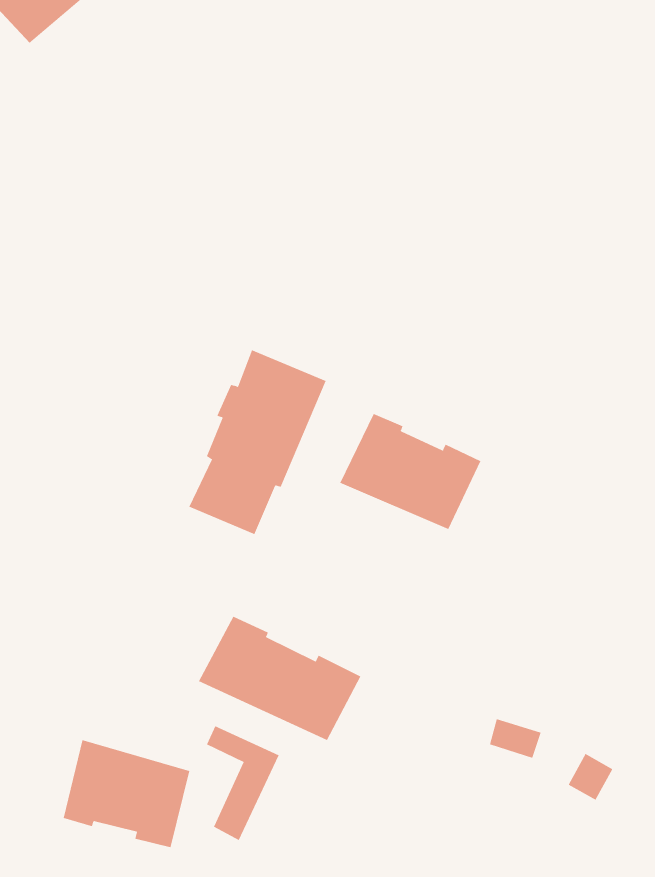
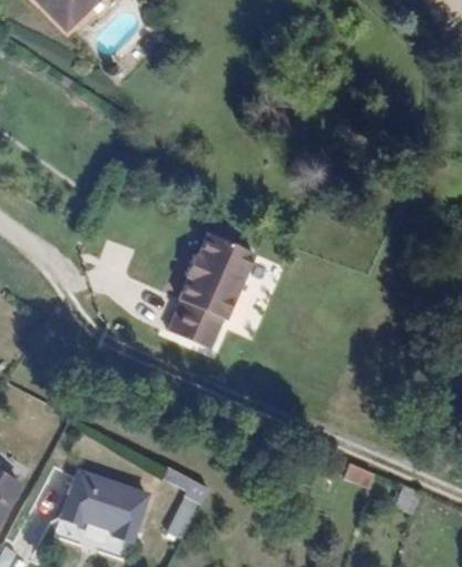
building: [340,413,481,530] -> none
building: [198,616,361,741] -> none

